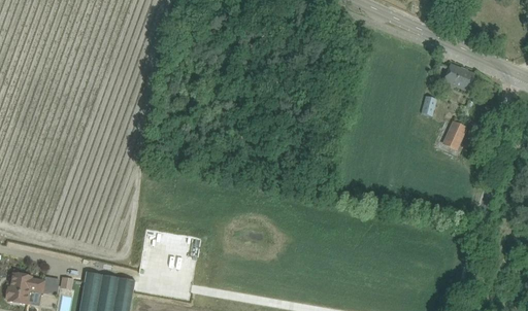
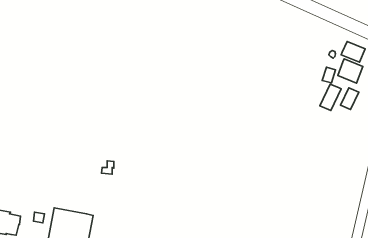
building: none -> [338,59,363,83]
building: none -> [320,84,341,111]

